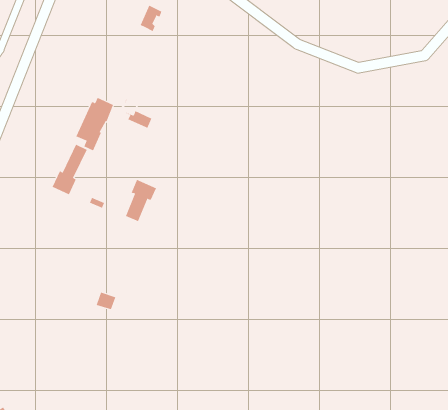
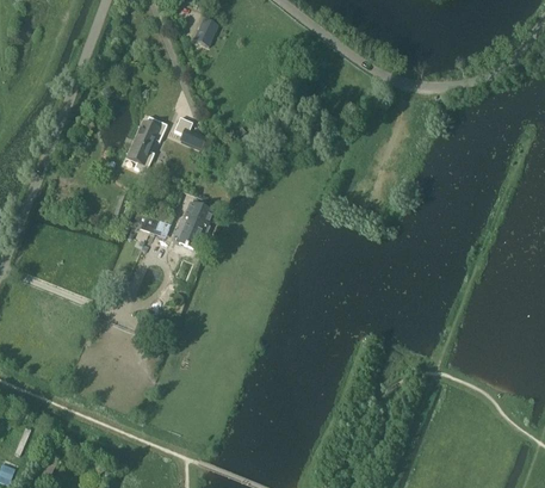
building: [52,144,87,195] -> none

